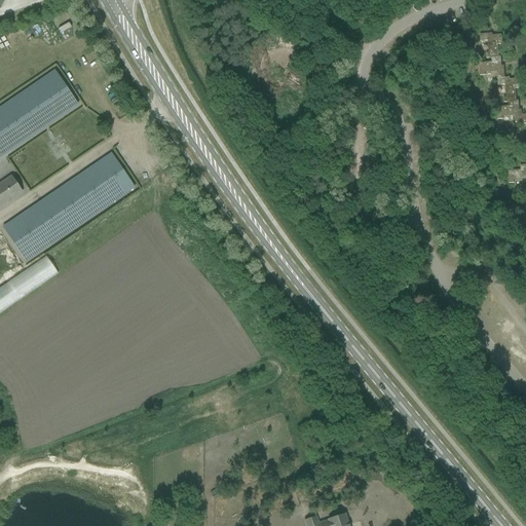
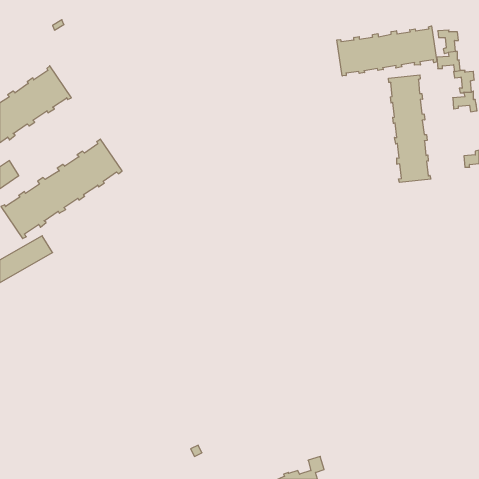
building: none -> [337,26,437,76]
building: none -> [389,75,431,182]

